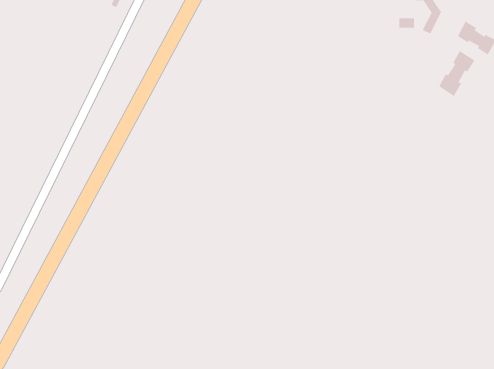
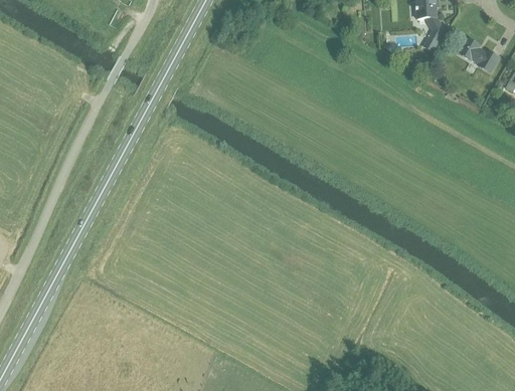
building: [438,50,475,97] -> none

